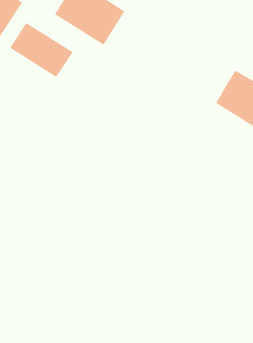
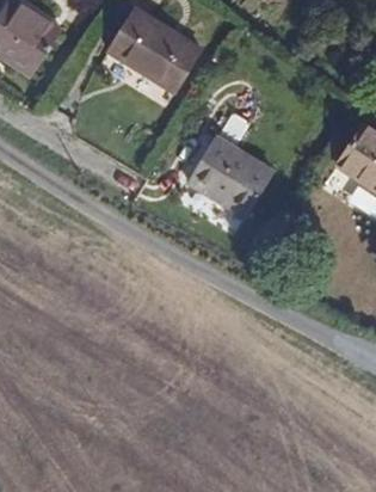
building: [10,22,73,78] -> none
building: none -> [183,133,266,213]

